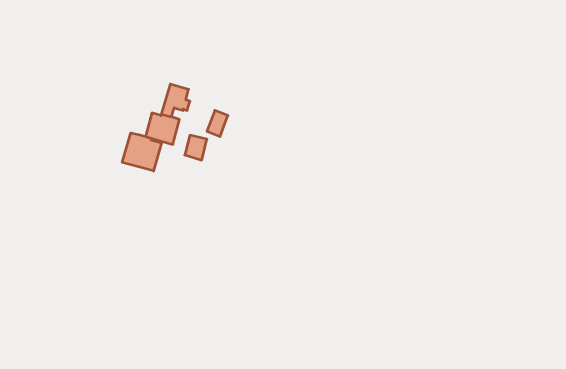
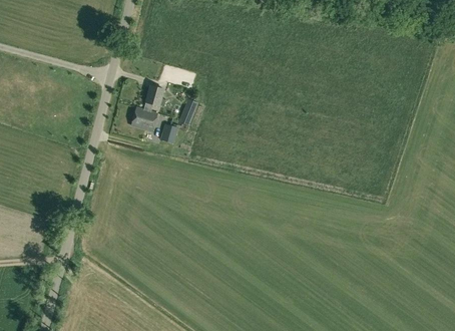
building: [122,133,161,171] -> none

